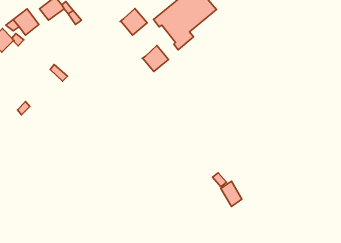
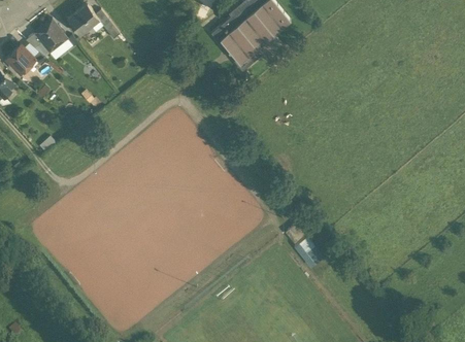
building: [120,8,147,35] -> none
building: [142,46,168,72] -> none

